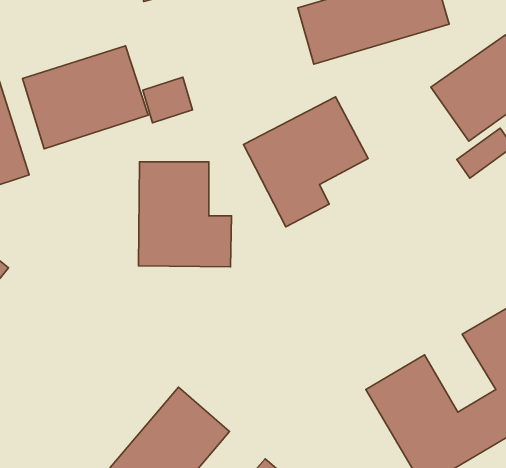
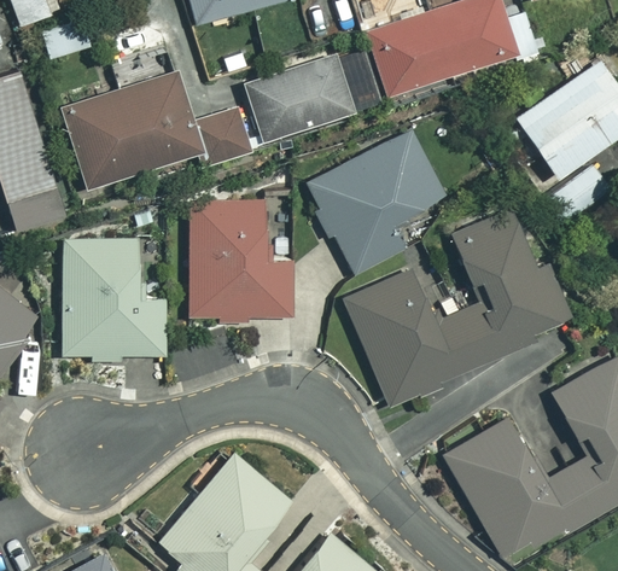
building: none -> [244,53,354,141]
building: none -> [342,205,567,404]
building: none -> [63,238,165,354]

